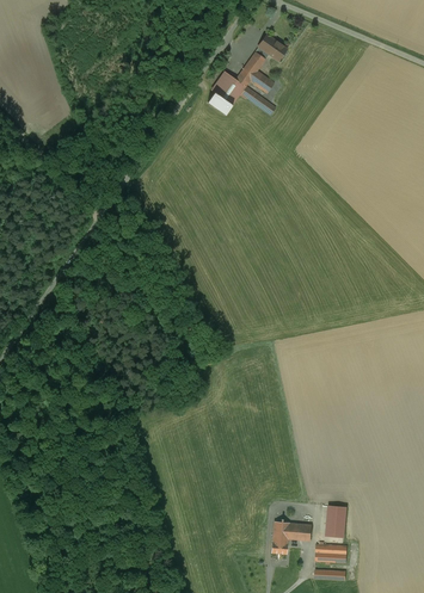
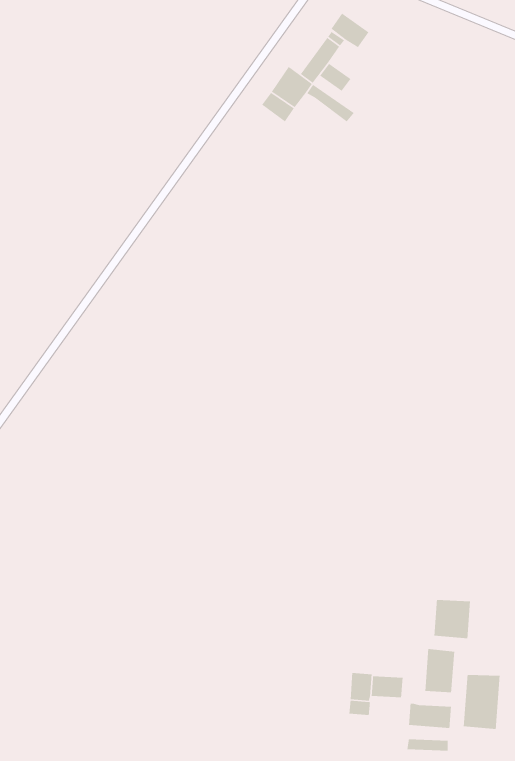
building: none -> [433,599,471,639]
building: none -> [463,674,500,730]

